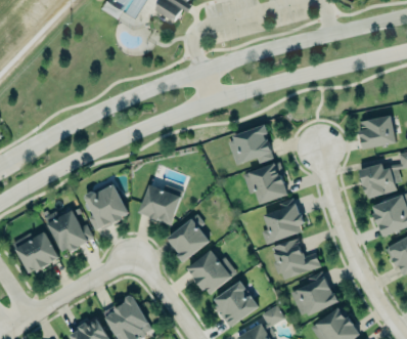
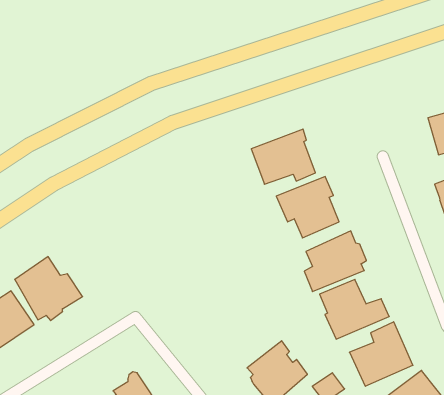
building: [85,180,129,230] -> none
building: [139,184,183,224] -> none
building: [166,214,210,260] -> none
building: [187,250,236,294] -> none

